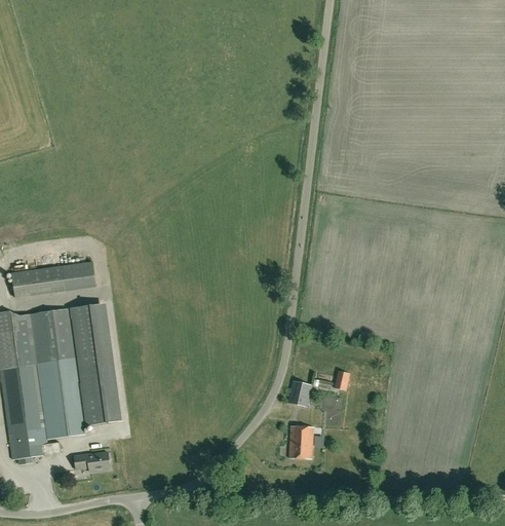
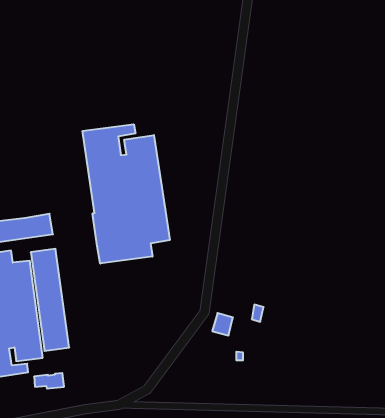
building: none -> [83,124,170,264]
building: [290,425,314,458] -> none

